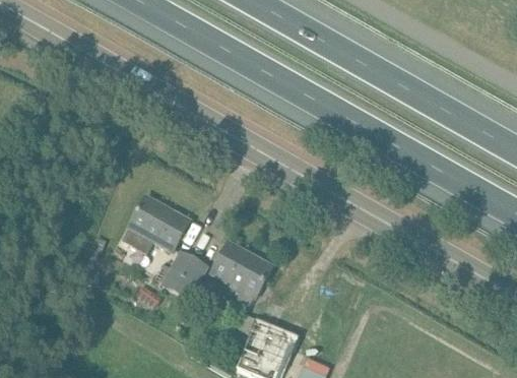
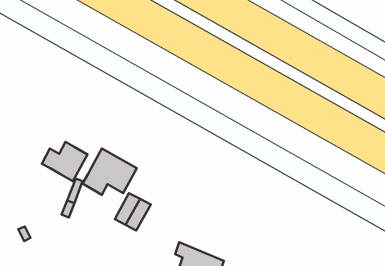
building: none -> [42,142,88,181]
building: [210,240,271,296] -> none

